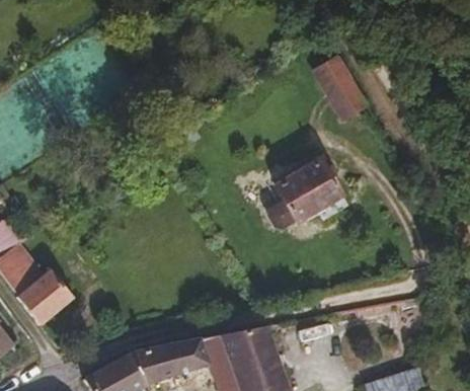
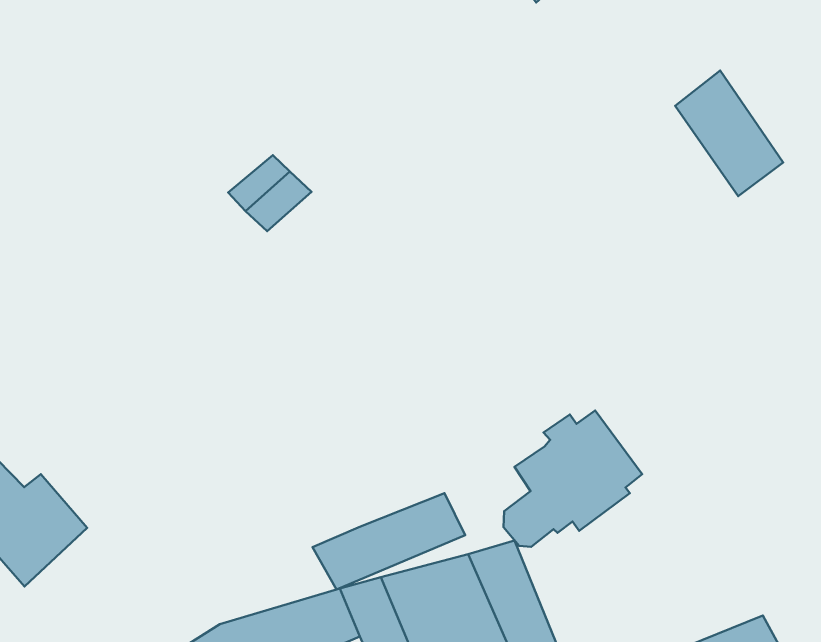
building: [314,55,367,120] -> [675,70,783,196]
building: [267,160,340,227] -> [504,410,642,547]
building: none -> [313,493,465,590]

